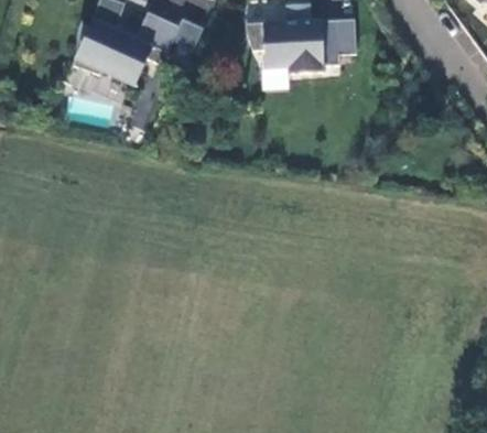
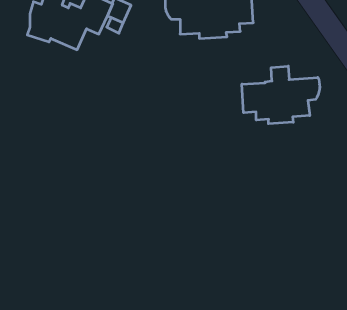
building: none -> [242,66,320,124]

